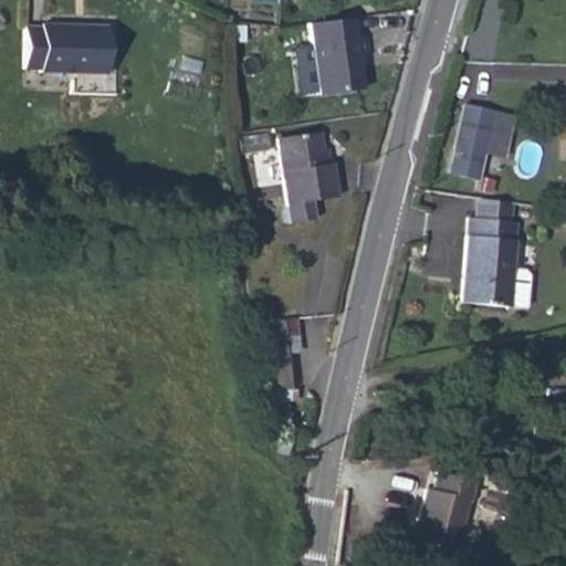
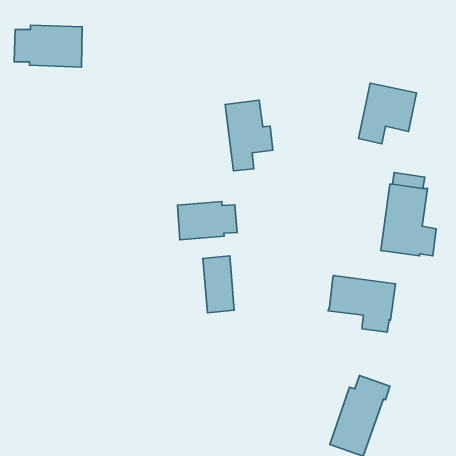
building: [314,6,374,81] -> none
building: none -> [177,202,237,240]
building: none -> [328,276,395,332]

